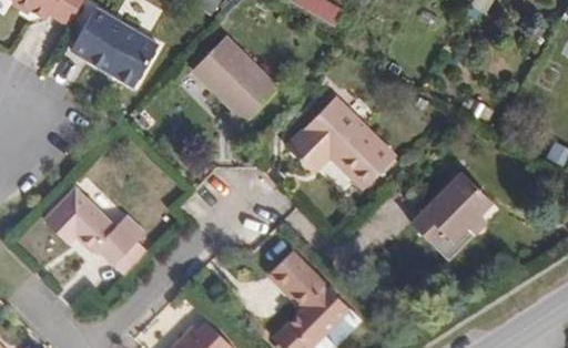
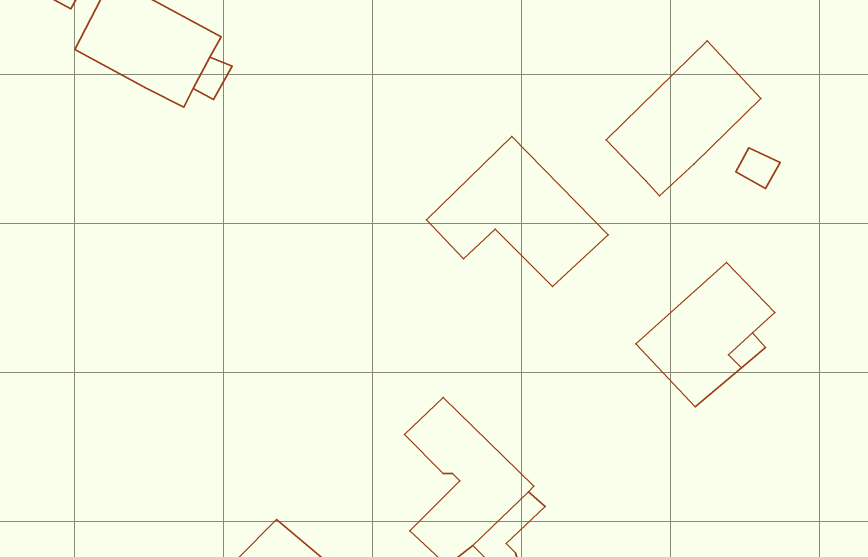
building: [191,34,277,126] -> none
building: none -> [606,41,761,196]
building: [47,188,145,260] -> none

